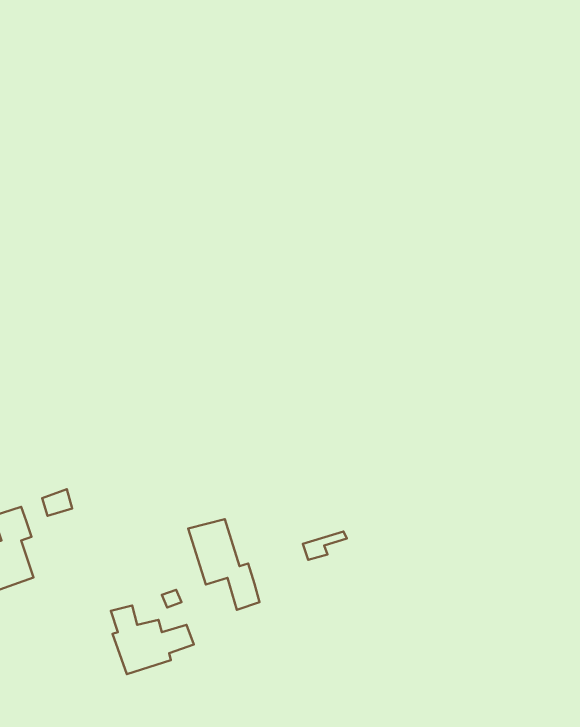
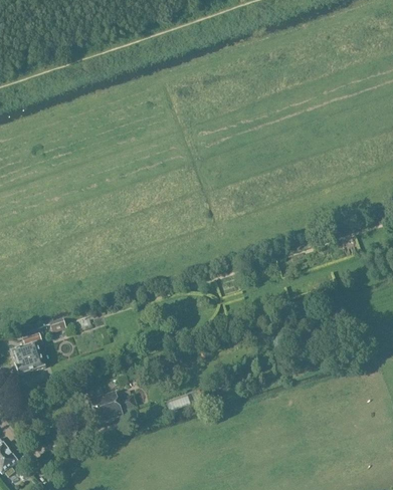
building: [188,519,260,610] -> none

